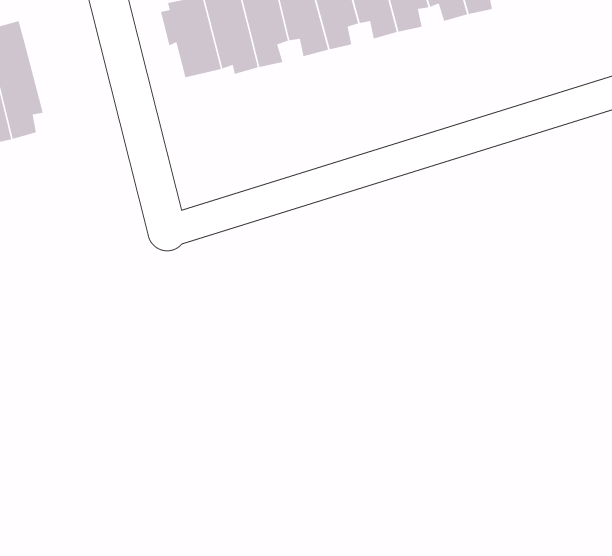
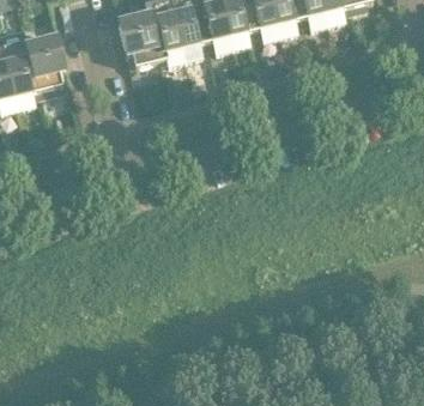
building: none -> [24,32,61,95]

